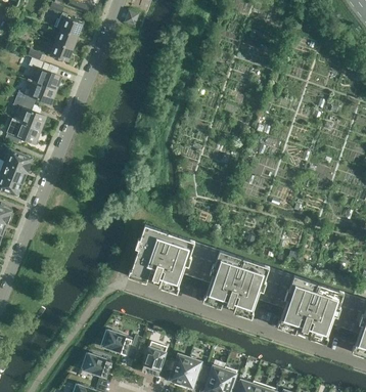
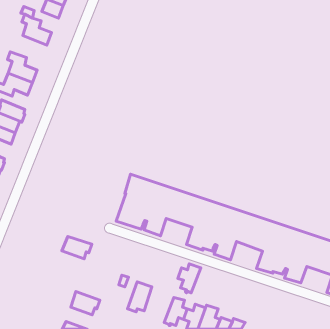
building: [16,79,55,102] -> none
building: [100,329,132,352] -> [62,237,92,259]
building: [166,353,190,384] -> [178,264,201,293]

